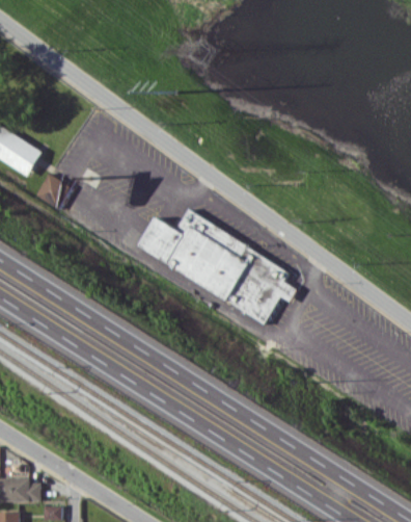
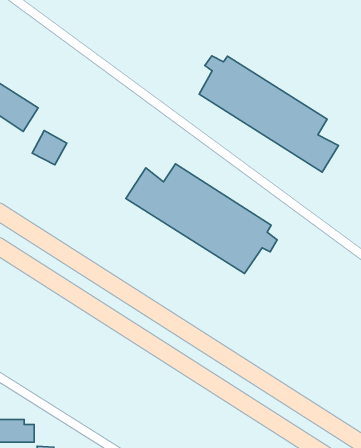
building: none -> [199,56,339,172]

